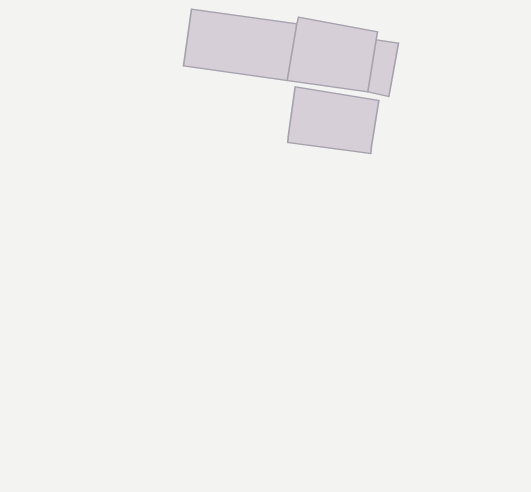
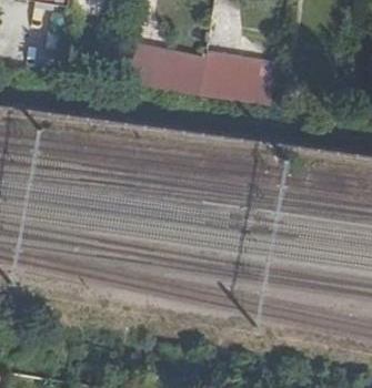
building: [288,87,379,153] -> none

